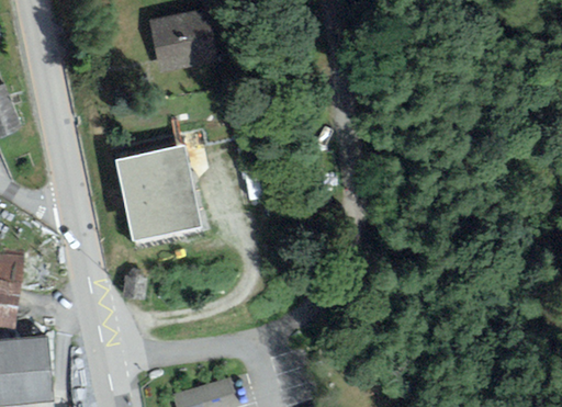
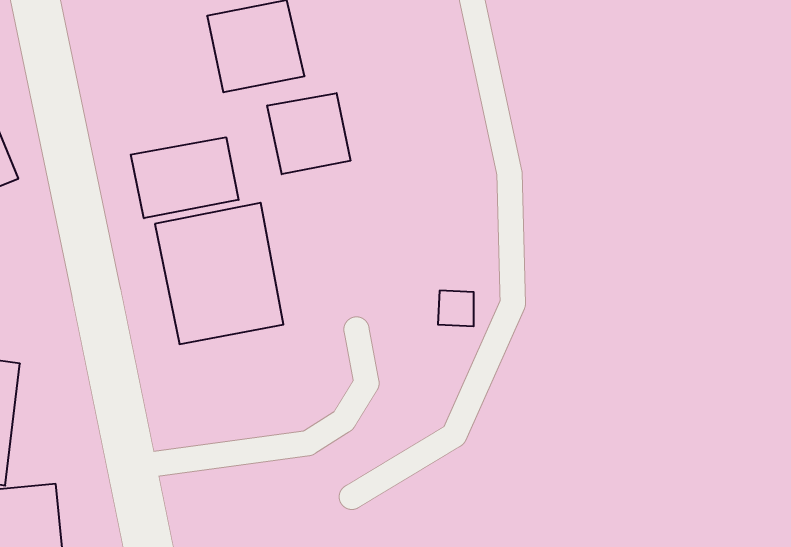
building: none -> [267,93,350,174]
building: none -> [131,137,239,218]

